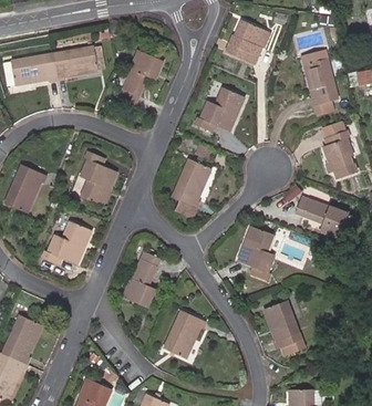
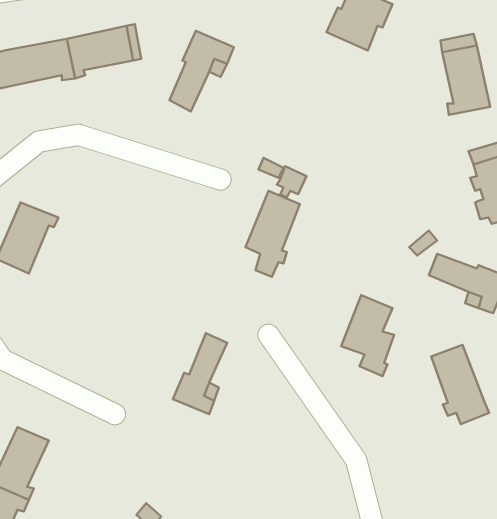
building: [194,86,242,132] -> none
building: [81,152,116,205] -> none
building: [43,221,92,266] -> none
building: [264,301,302,354] -> [431,345,489,424]
building: [164,310,206,357] -> none

